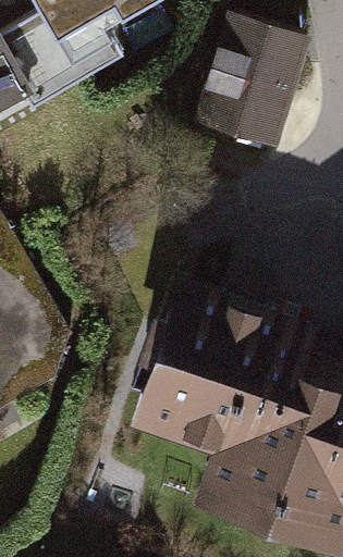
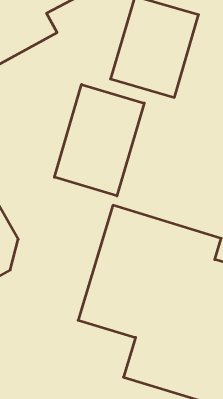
building: none -> [54,84,144,196]

